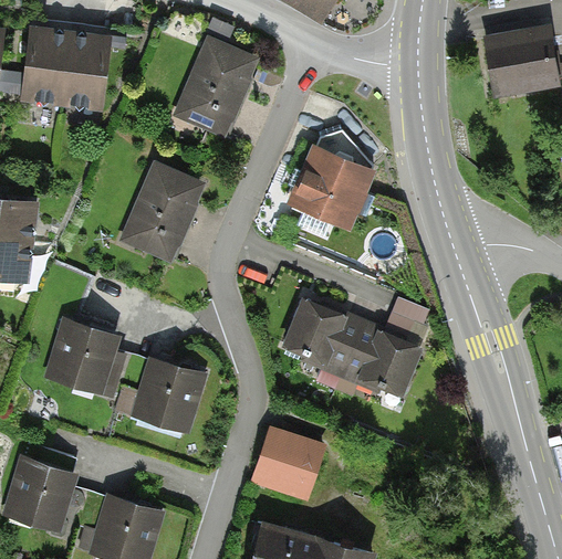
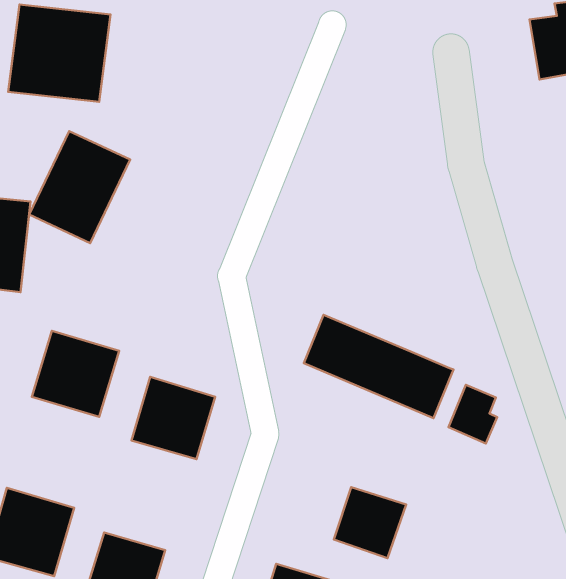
building: [174,35,260,135] -> none
building: [290,130,373,236] -> none
building: [121,161,210,261] -> [29,131,130,243]
building: [381,298,424,350] -> [448,385,497,443]
building: [256,432,320,495] -> [334,487,406,558]

